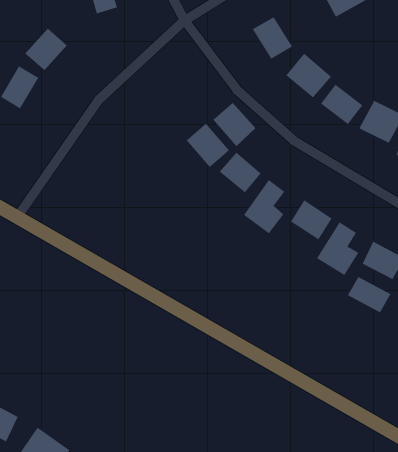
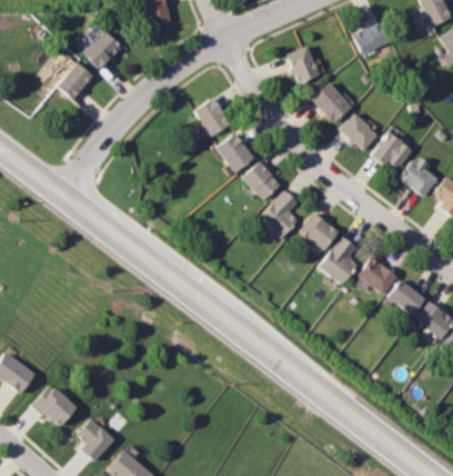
building: [213,102,256,147] -> [193,98,231,138]
building: [347,276,391,313] -> none

